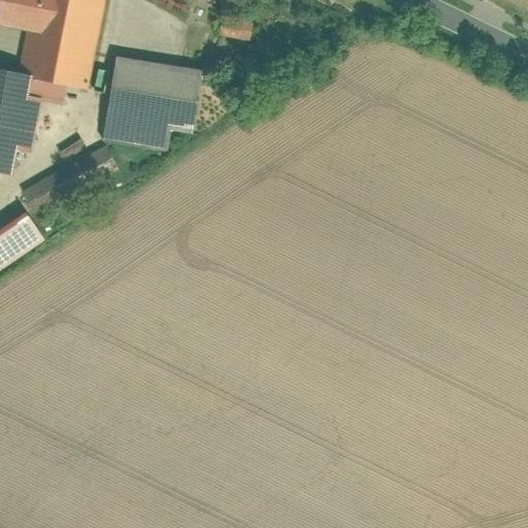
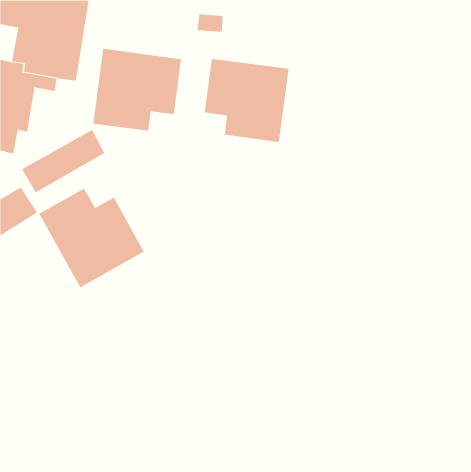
building: none -> [204,58,289,143]
building: none -> [38,188,145,288]

